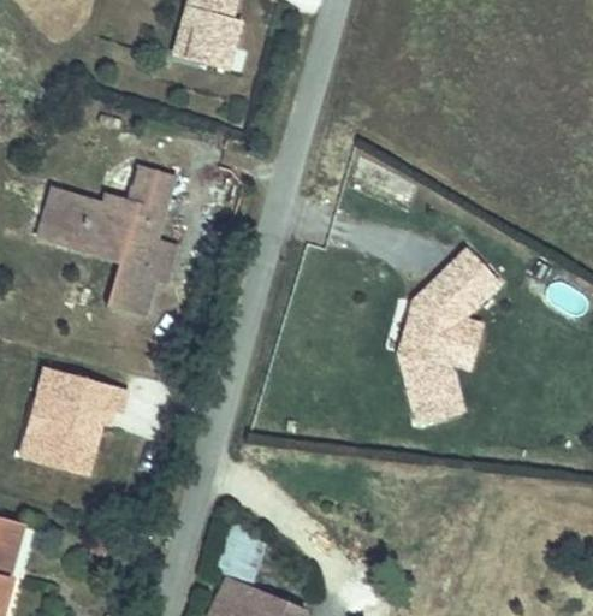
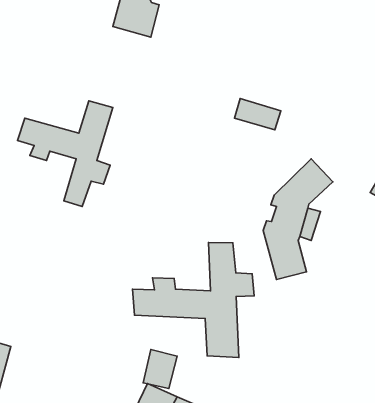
building: [18,367,129,475] -> none
building: none -> [132,242,254,357]

